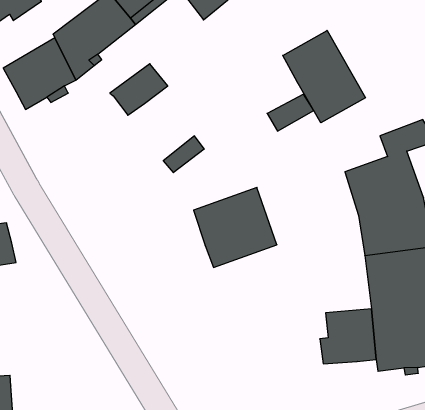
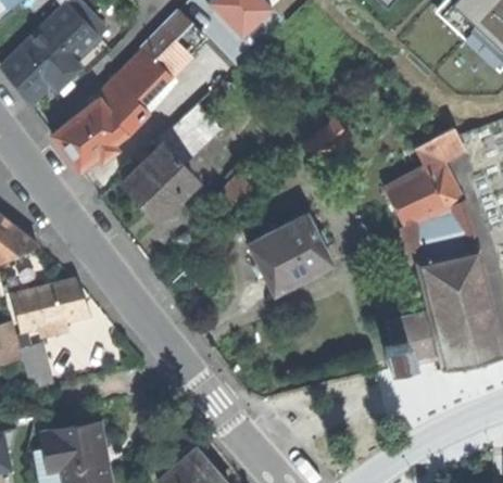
building: [283,30,365,123] -> none
building: none -> [123,147,196,219]

